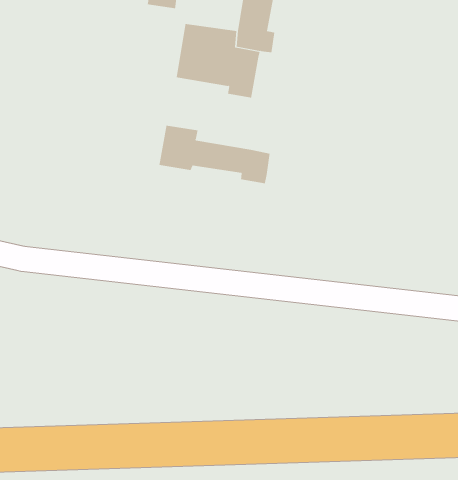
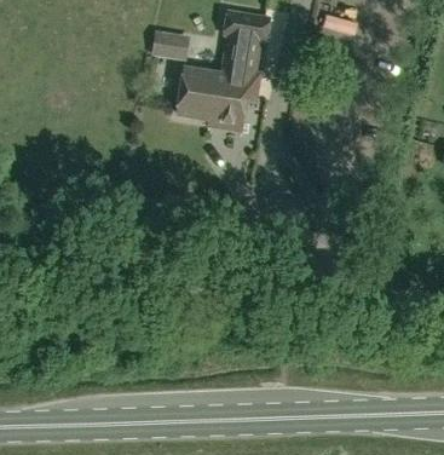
building: [159,125,270,184] -> none

